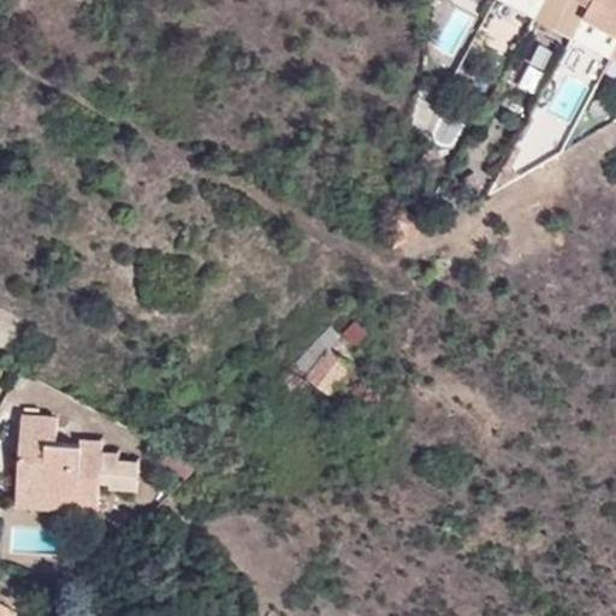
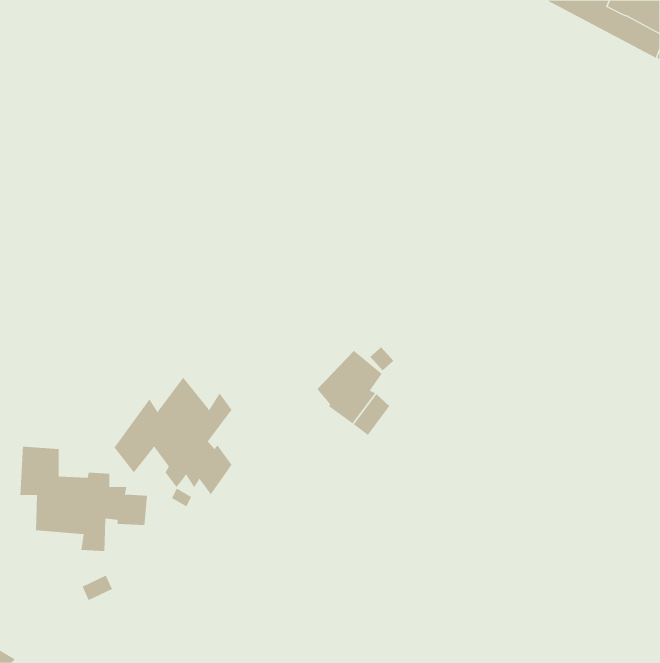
building: none -> [114,377,232,495]
building: [16,460,77,510] -> none

